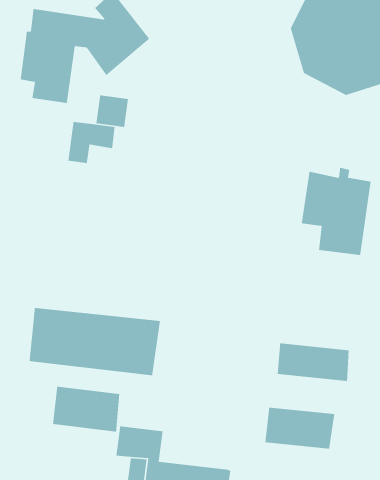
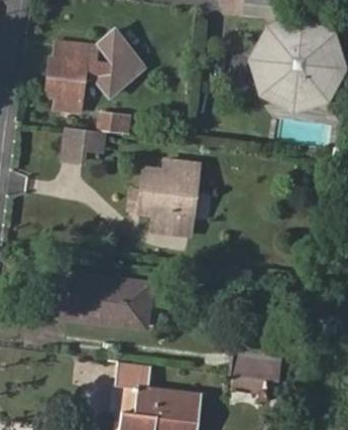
building: [301,167,371,256] -> [139,171,193,239]
building: [277,343,349,382] -> none
building: [52,386,120,433] -> none

